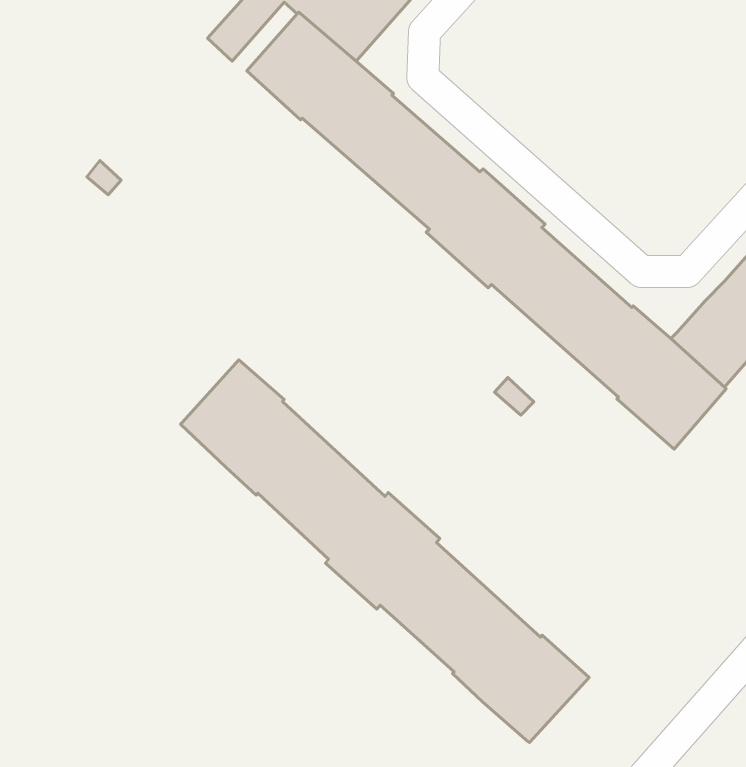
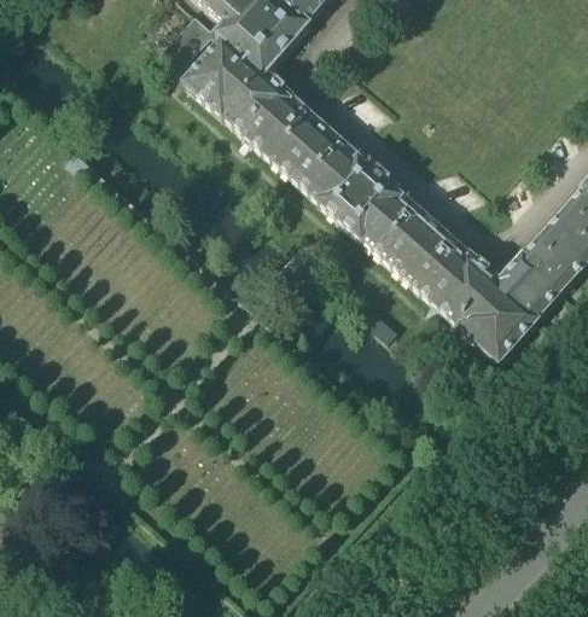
building: [181,360,589,743] -> none

